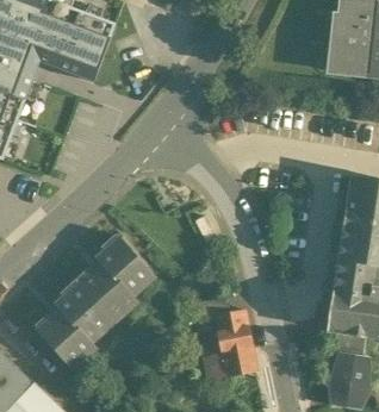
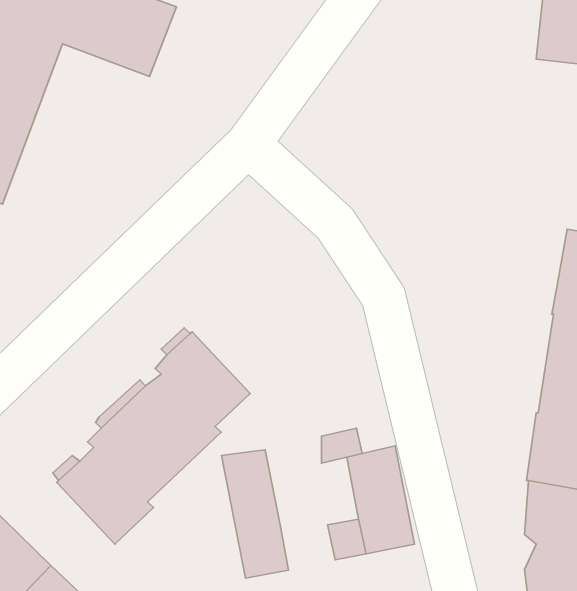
building: none -> [221,450,288,578]

